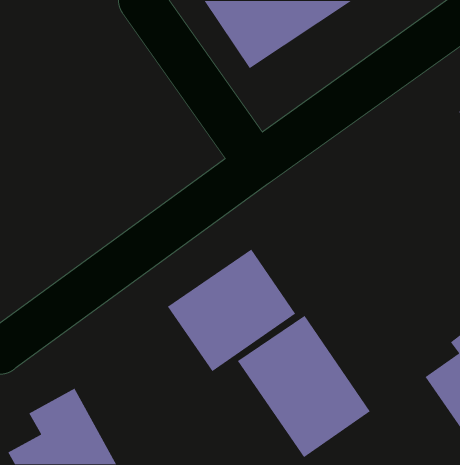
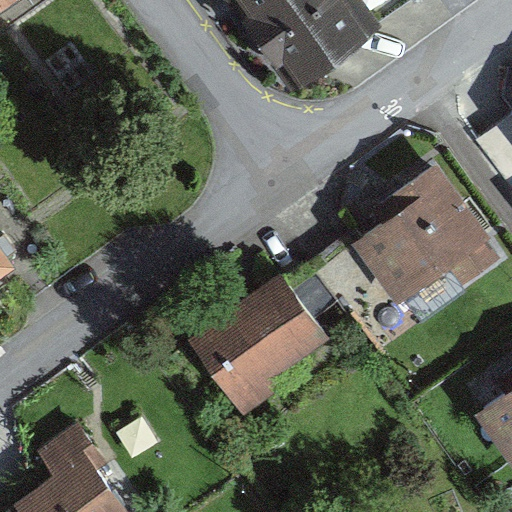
building: none -> [352,165,504,304]
building: [237,315,371,458] -> none

